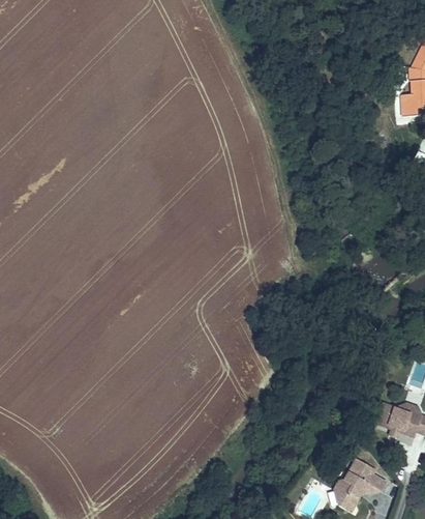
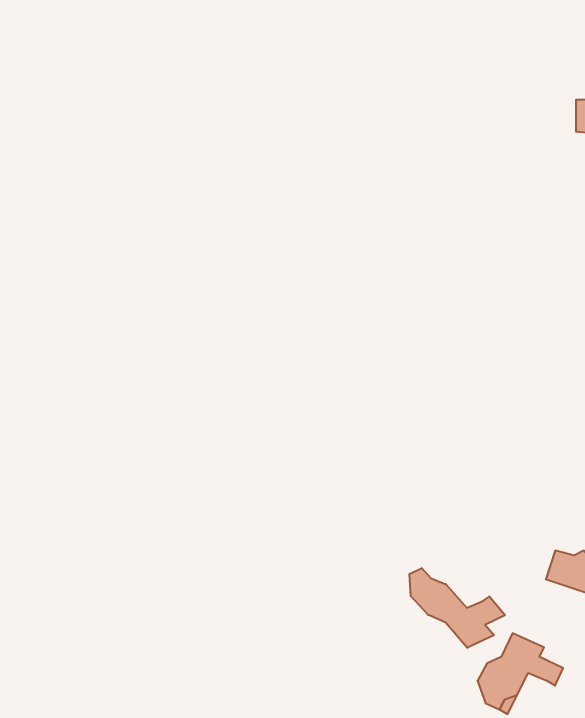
building: none -> [410,568,505,648]

